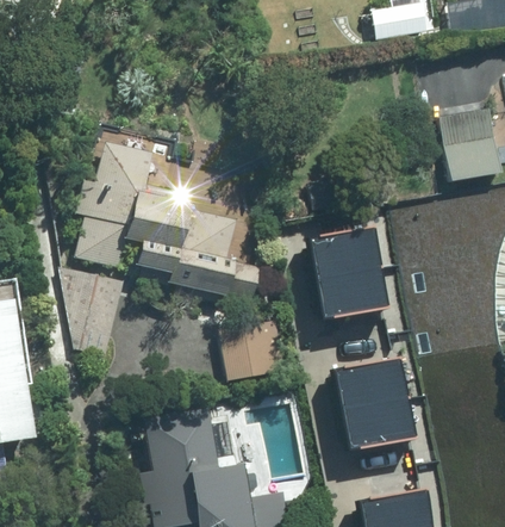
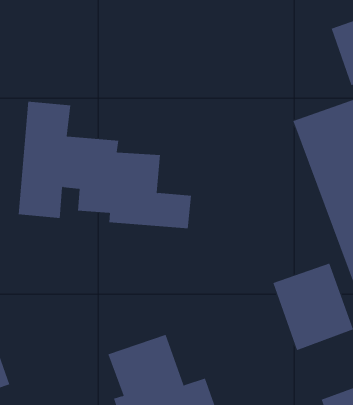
building: [308,229,387,317] -> none
building: [46,267,124,348] -> none
building: [218,320,285,382] -> none

